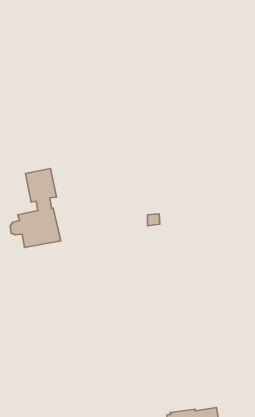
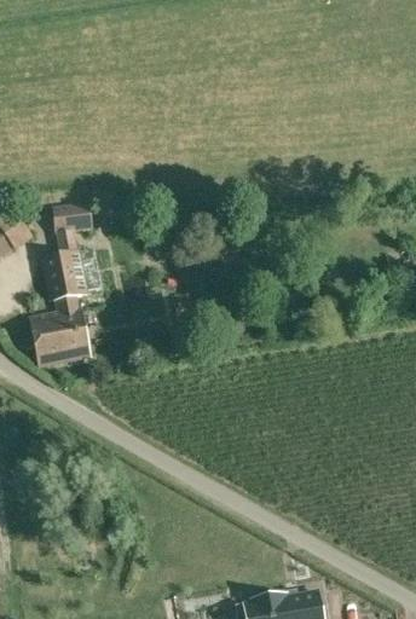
building: none -> [56,204,93,233]

